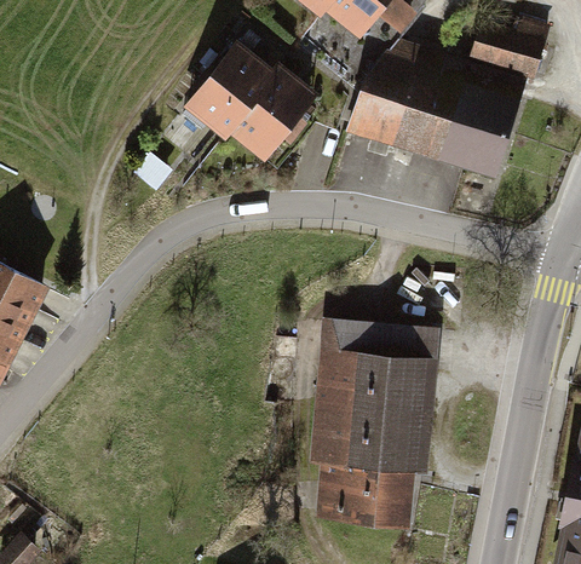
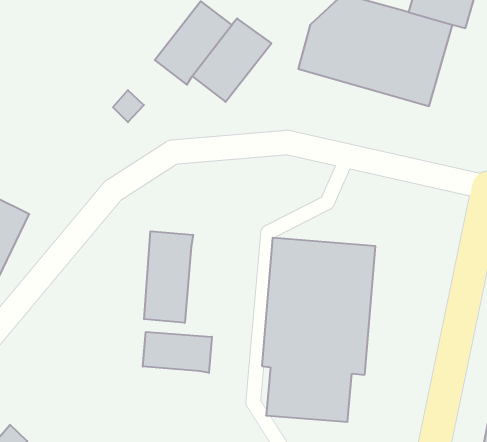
building: none -> [144,231,193,323]
building: none -> [143,332,212,373]

